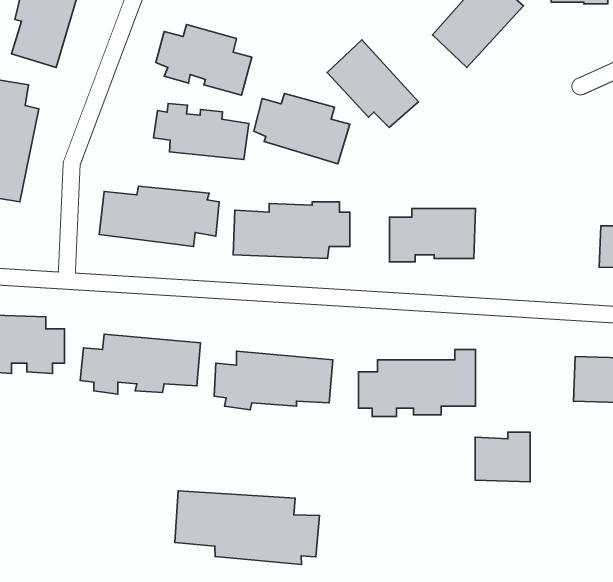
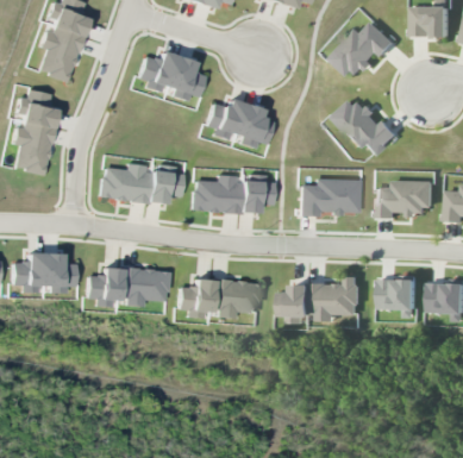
building: [327,40,418,128] -> [331,94,394,155]
building: [154,103,249,159] -> none
building: none -> [375,180,433,218]
building: [475,432,530,482] -> [378,275,417,309]
building: [175,491,320,564] -> none

